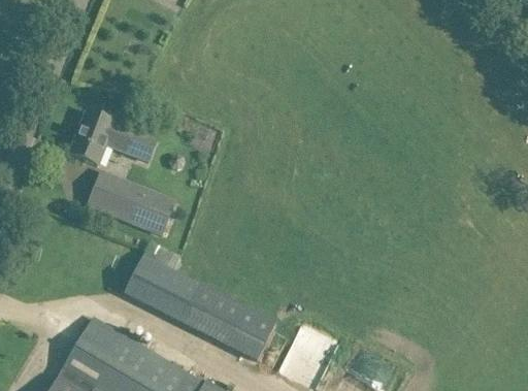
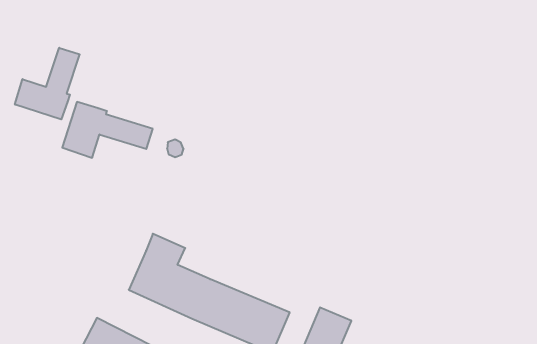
building: none -> [15,48,80,119]
building: [87,171,174,235] -> none

